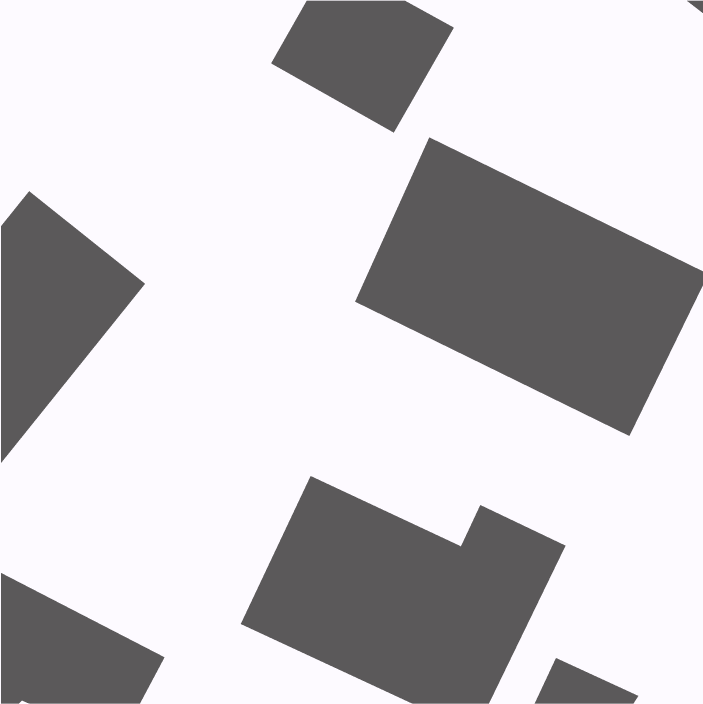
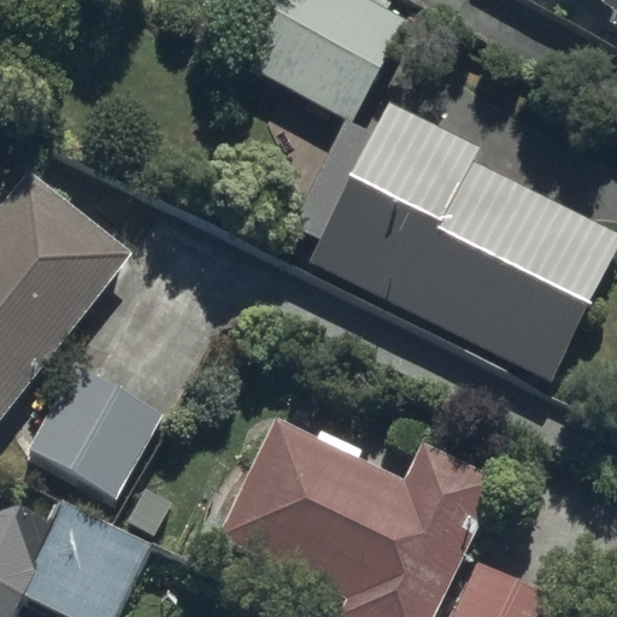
building: none -> [37,371,161,500]

